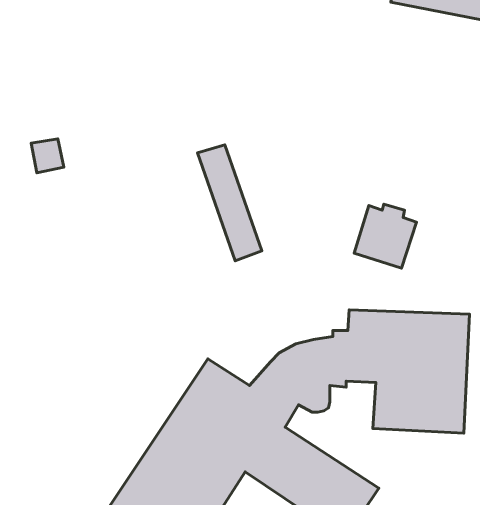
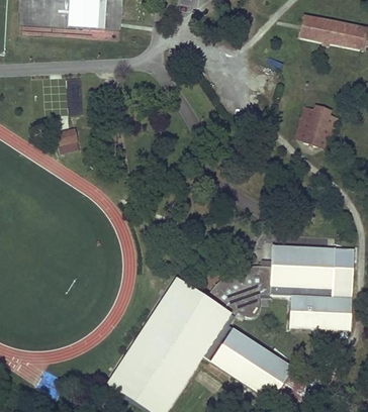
building: [198,145,262,261] -> none
building: [354,204,416,268] -> [294,105,337,148]

